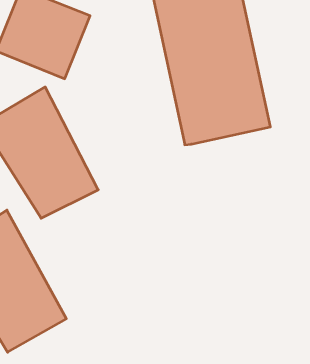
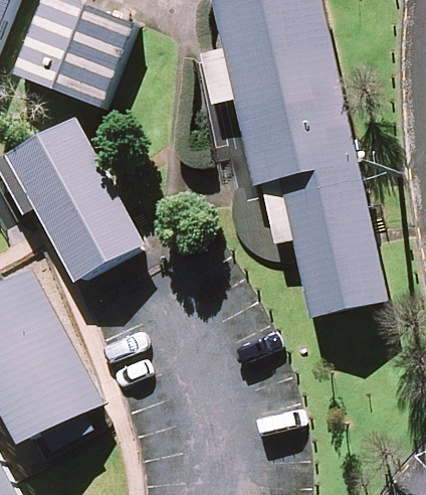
building: none -> [257,164,383,319]

